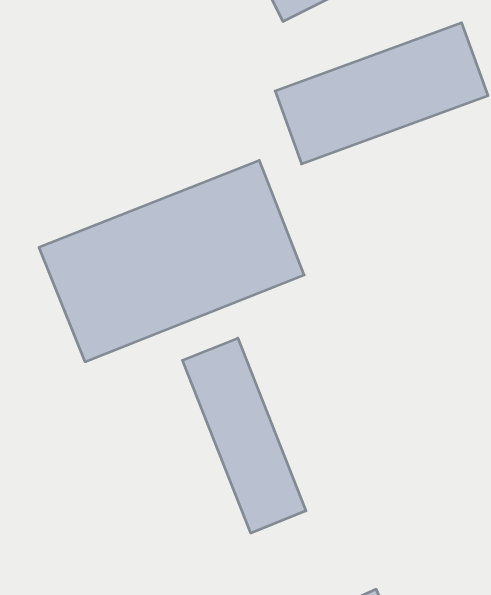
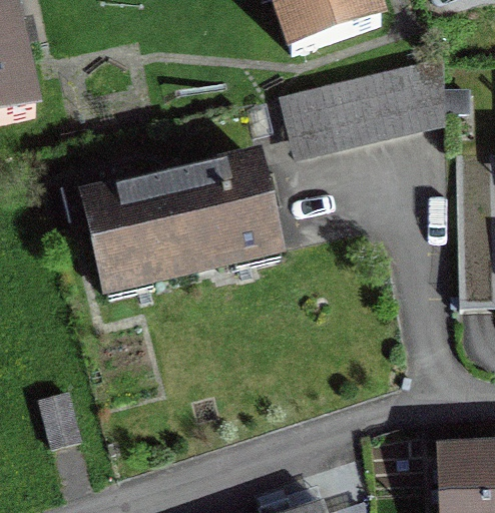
building: [182,338,306,533] -> none

